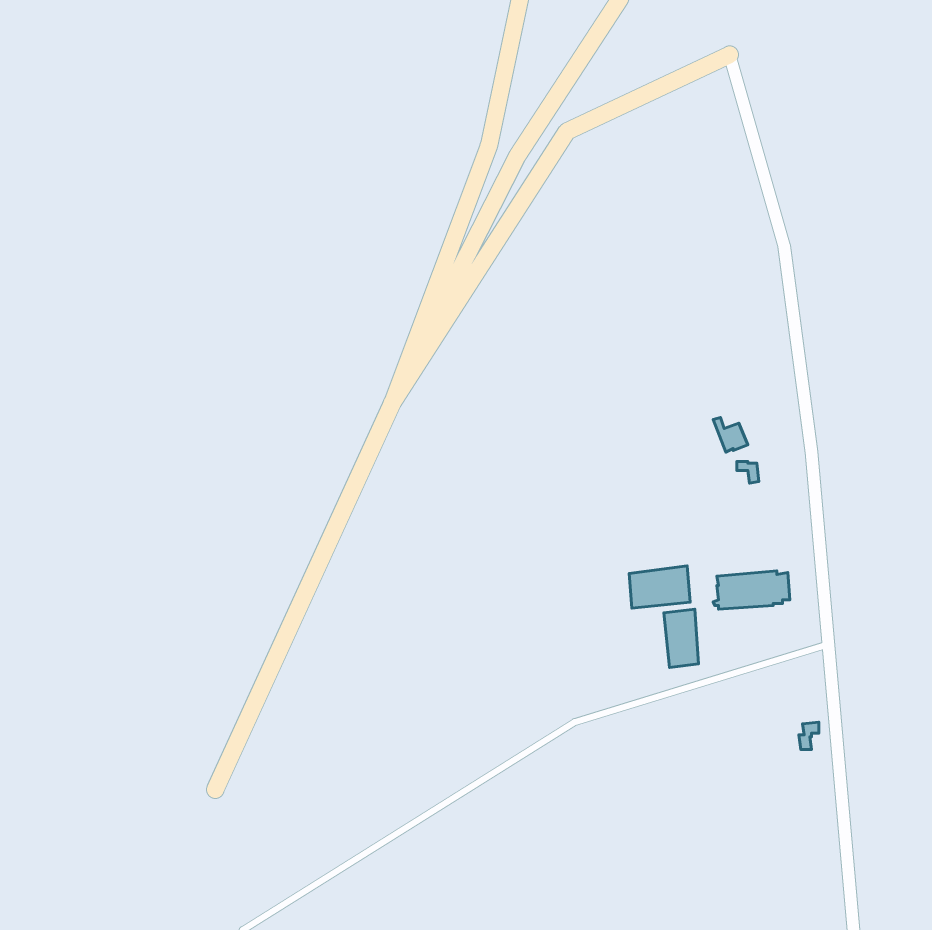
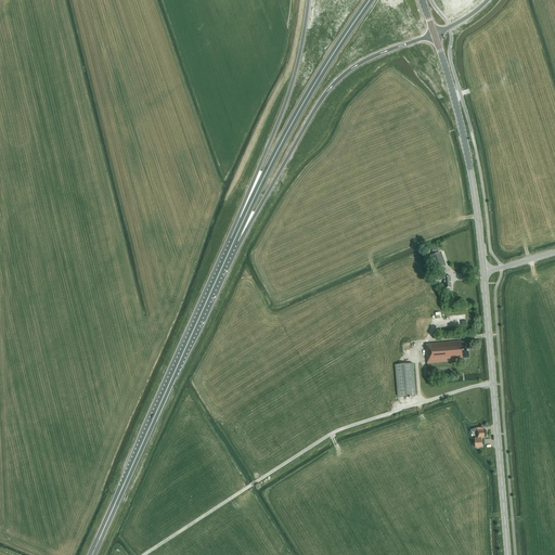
building: [629,566,690,608] -> none

